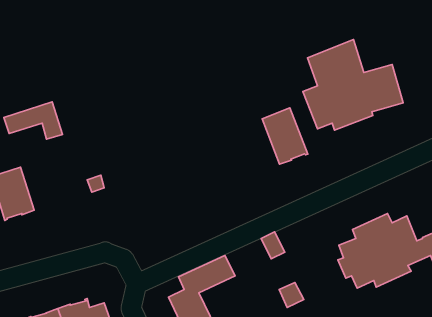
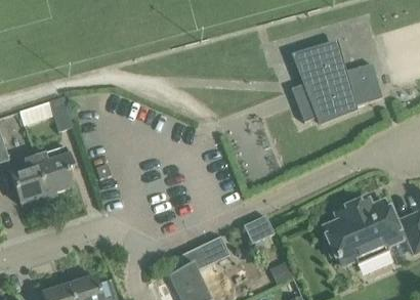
building: [262,108,308,164] -> none
building: none -> [35,145,74,195]

